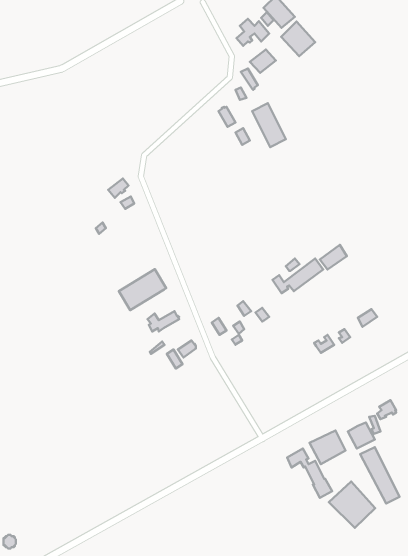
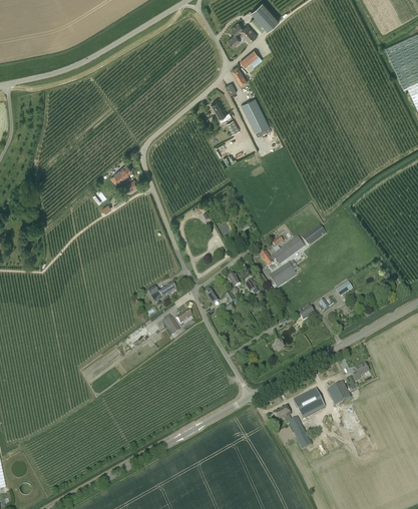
building: [281,21,315,56] -> none
building: [119,269,166,310] -> none
building: none -> [269,260,298,288]
building: [329,482,375,528] -> none

